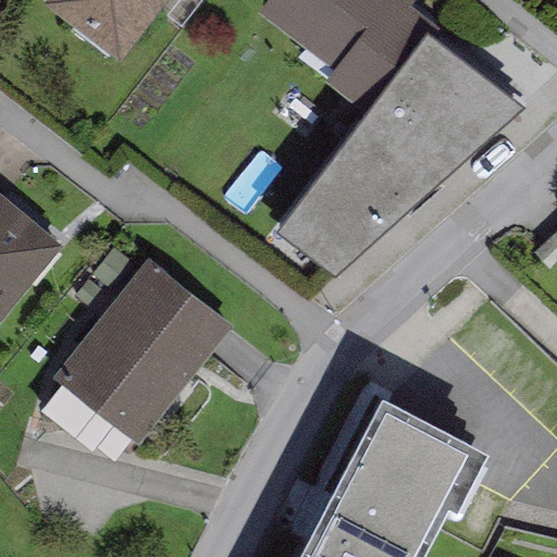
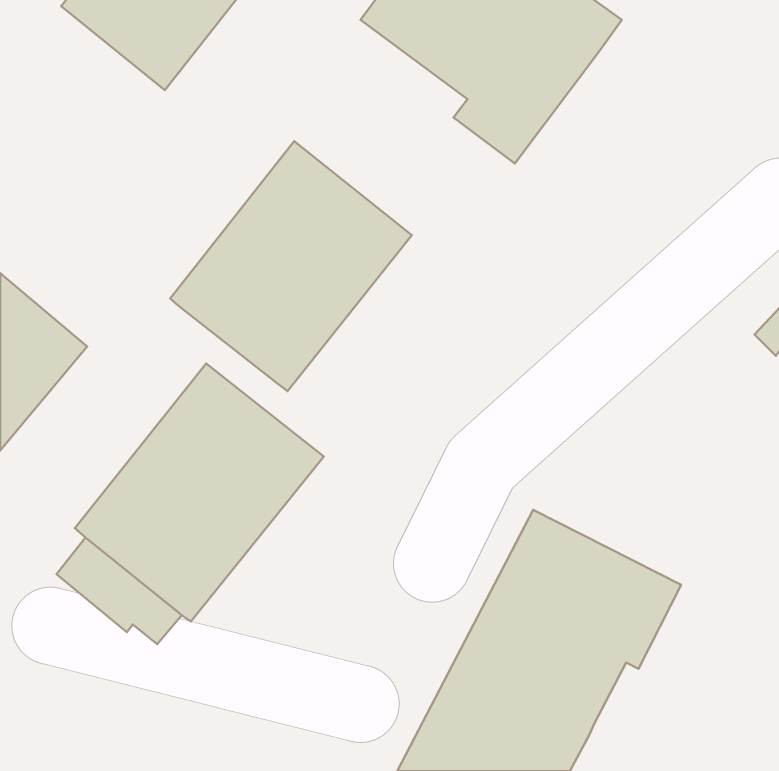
building: [275,37,522,278] -> none
building: none -> [170,141,412,391]

